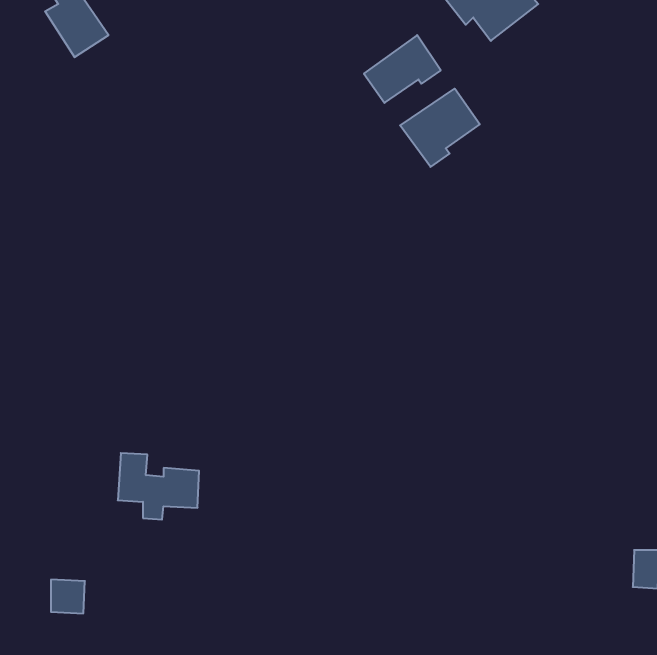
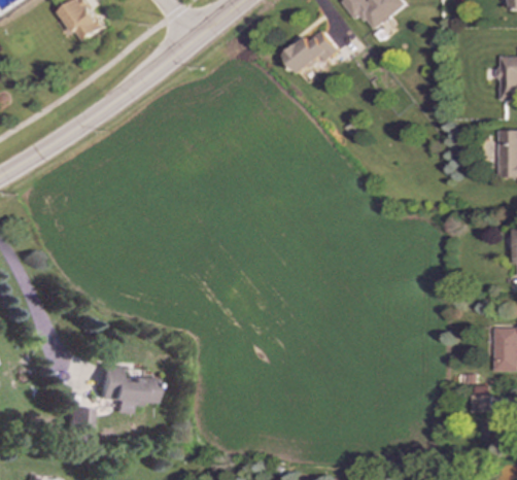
building: [400,89,480,167] -> none
building: [118,453,199,520] -> [98,366,154,412]

